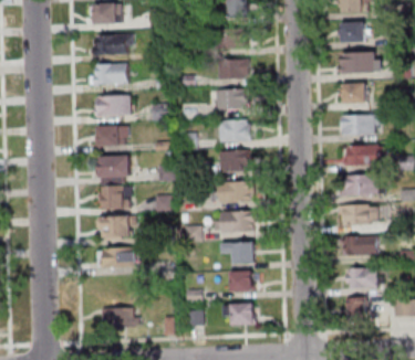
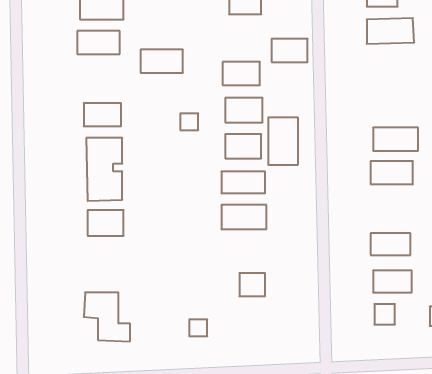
building: [218,61,249,81] -> [272,39,308,62]
building: [341,84,367,105] -> none
building: [94,95,131,115] -> [141,50,183,73]
building: [340,116,377,137] -> none
building: none -> [268,117,298,165]
building: [343,207,377,226] -> none
building: [221,243,255,265] -> none
building: [96,248,135,269] -> none
building: [226,304,255,325] -> none

